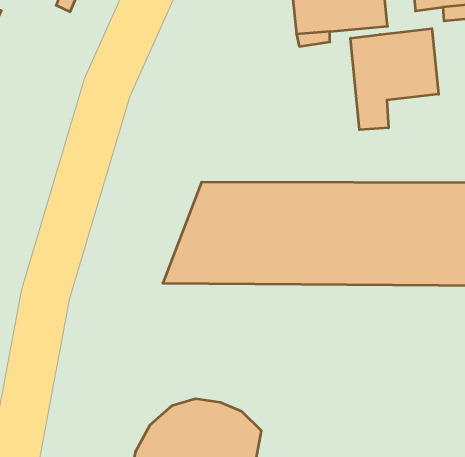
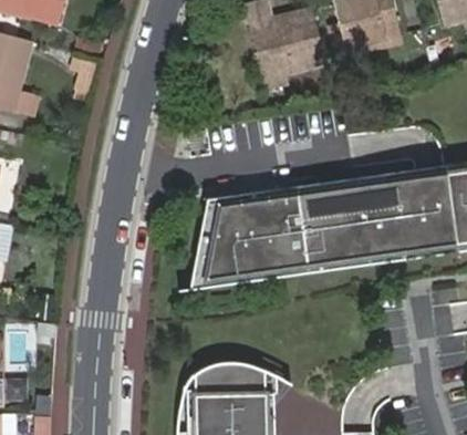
building: [351,29,439,130] -> none

